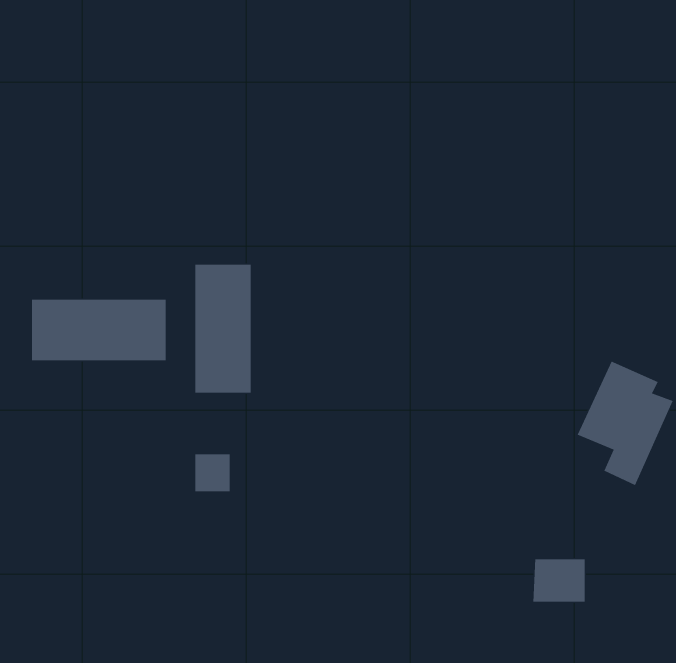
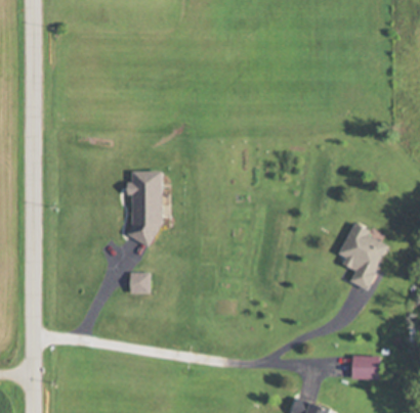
building: [32,299,166,361] -> none
building: [533,559,586,602] -> [350,356,379,379]

